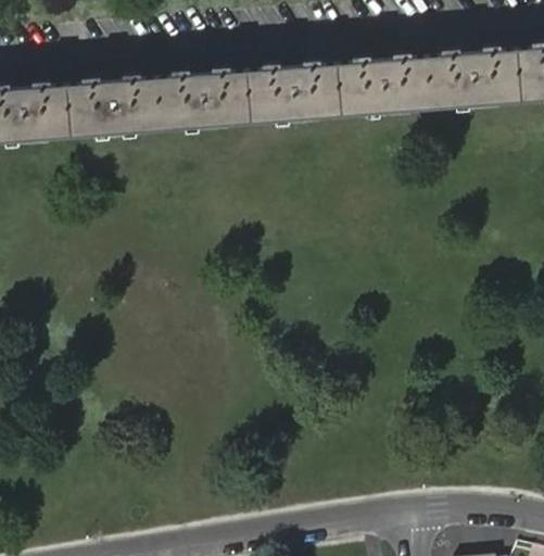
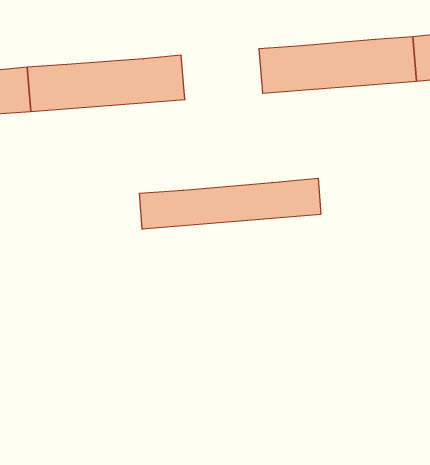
building: [242,63,338,123] -> none
building: none -> [140,178,321,229]

